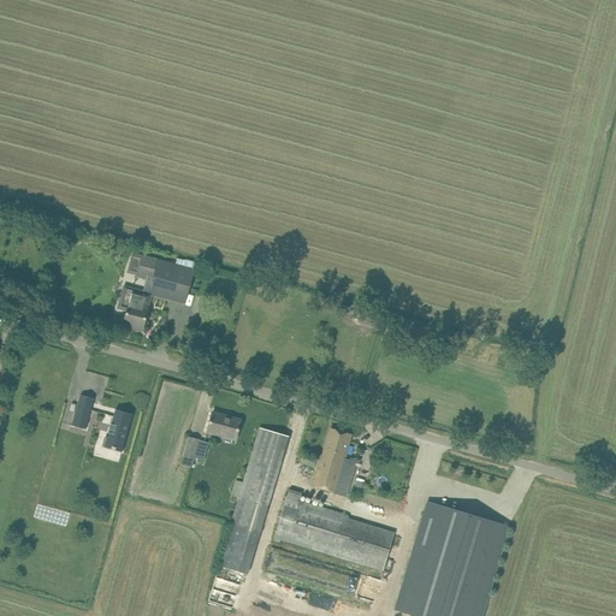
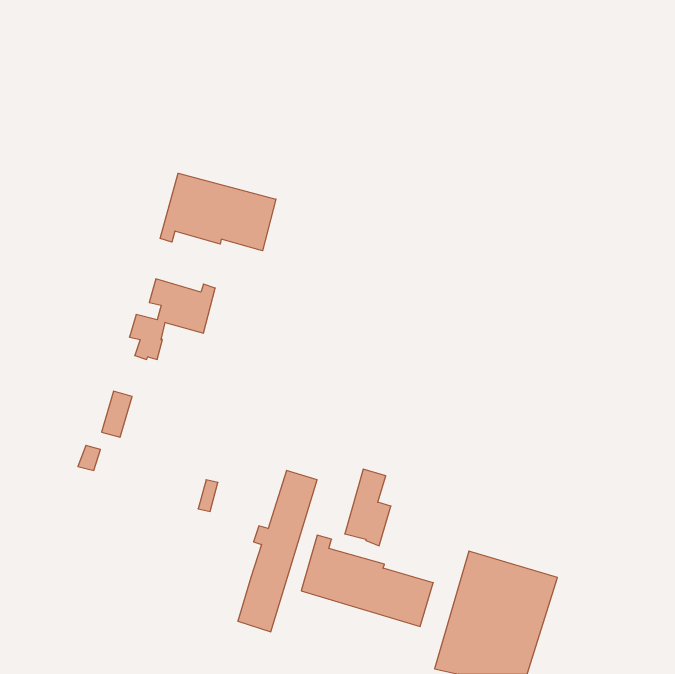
building: none -> [160,173,276,251]
building: [105,409,132,451] -> [102,391,132,437]
building: [207,411,239,438] -> none

